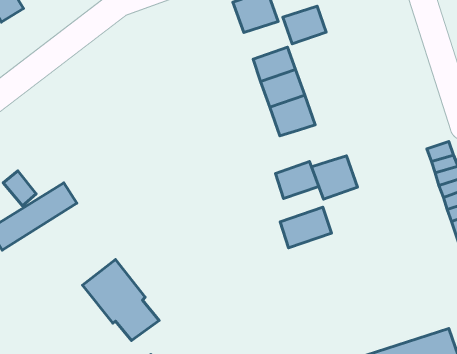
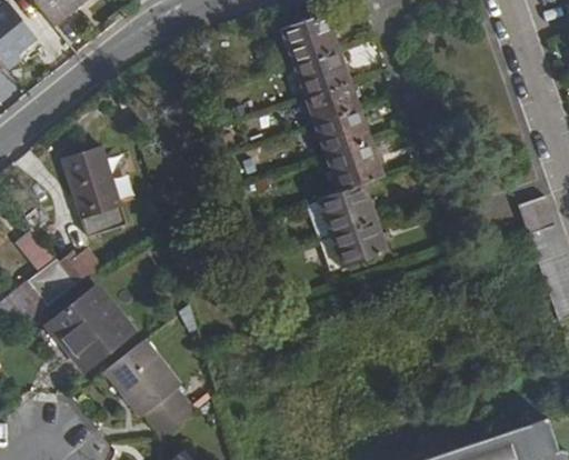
building: [283,6,326,44] -> [299,52,351,98]
building: none -> [59,142,123,233]
building: [311,156,358,199] -> [322,183,378,236]
building: [280,207,331,248] -> none
building: none -> [49,284,132,369]

